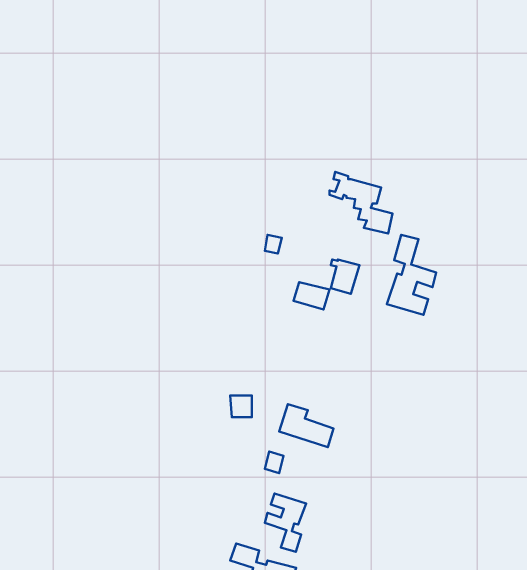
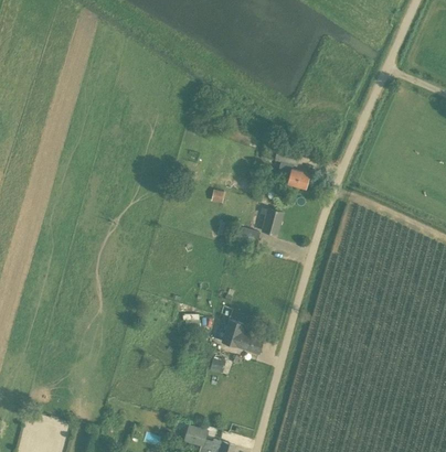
building: [387,235,436,315] -> none
building: [265,494,306,552] -> none

